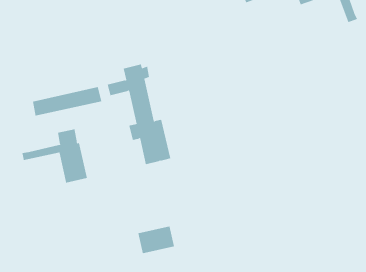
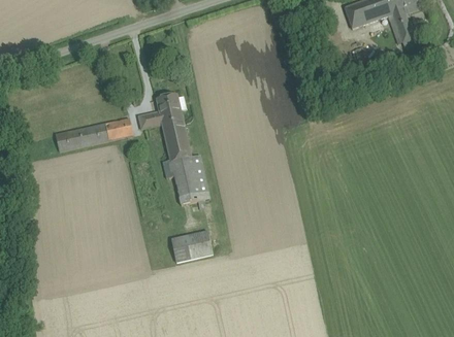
building: [22,129,87,183] -> none
building: [137,226,175,254] -> [170,231,212,262]

